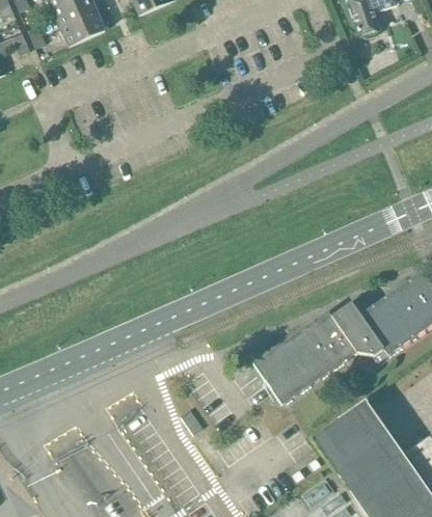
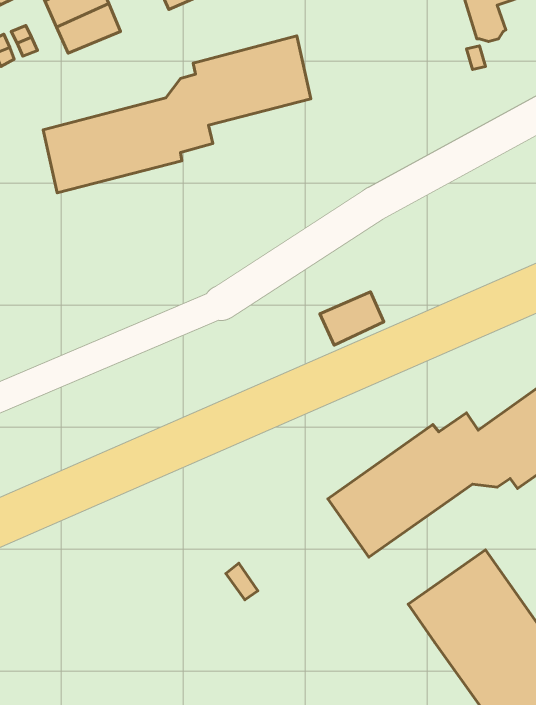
building: none -> [43,36,311,193]
building: none -> [320,292,384,345]

